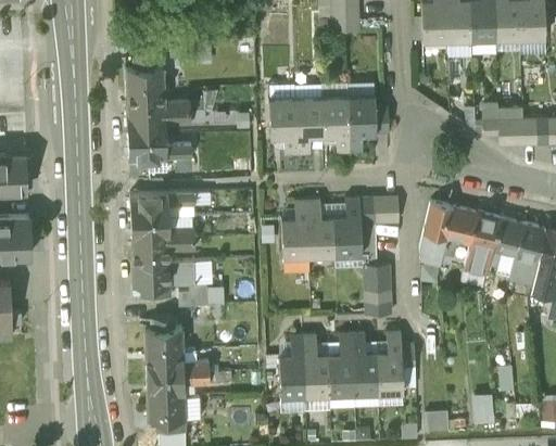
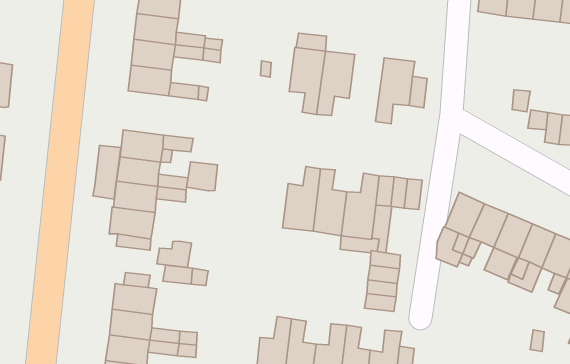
building: [321,95,349,152] -> none
building: none -> [93,146,121,199]
building: [169,260,194,284] -> [187,162,218,191]

